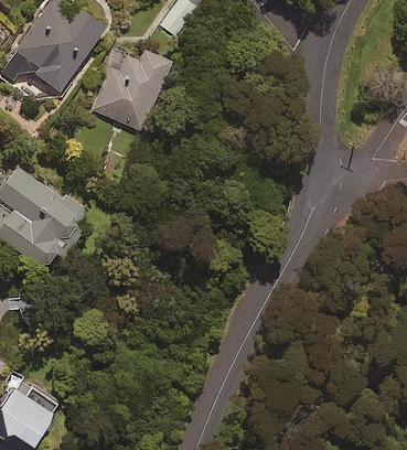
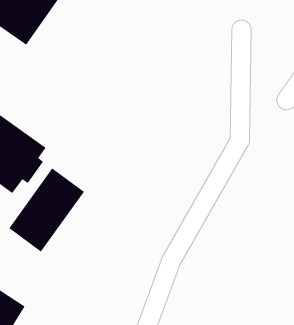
building: [93,50,171,130] -> none
building: none -> [8,167,85,252]

